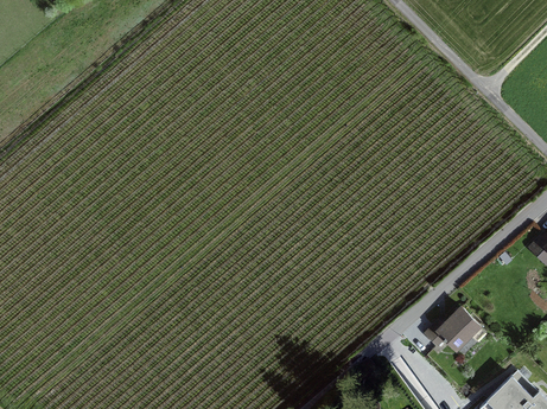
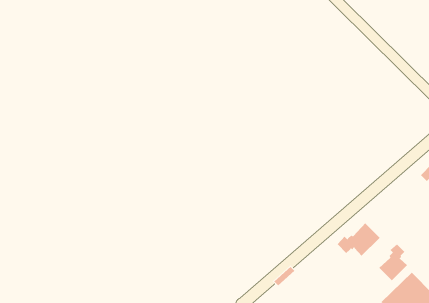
building: none -> [378,244,408,281]

